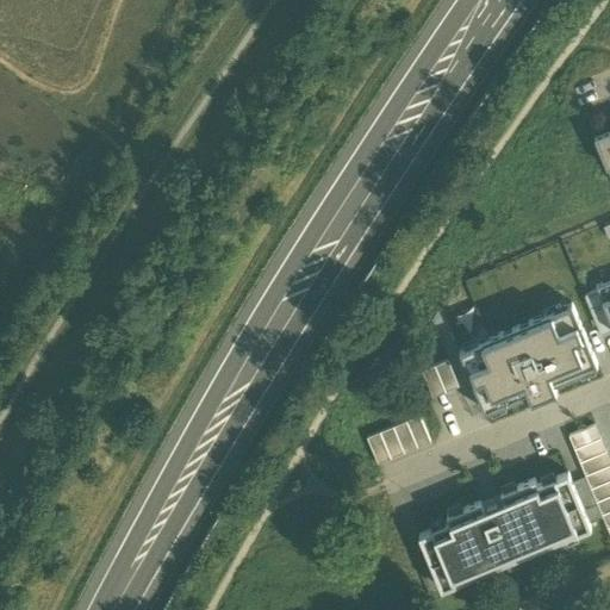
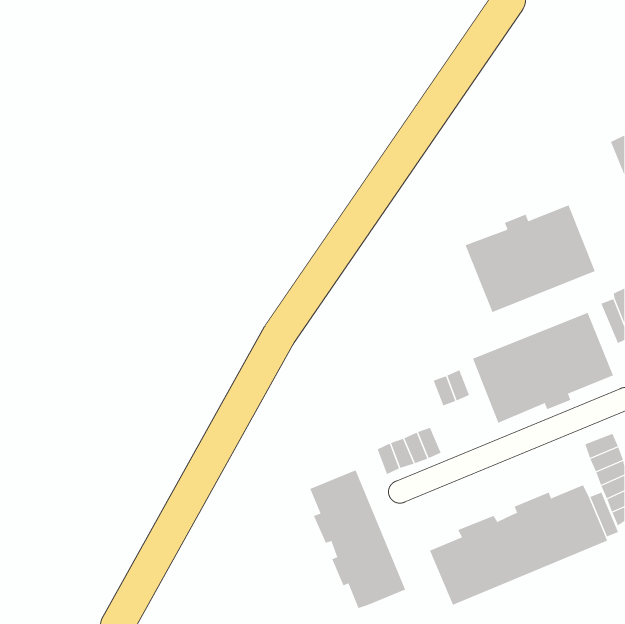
building: none -> [465,204,595,313]
building: none -> [310,469,406,609]

